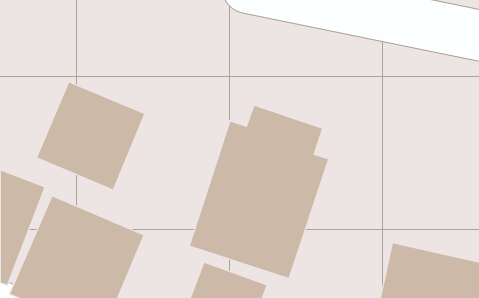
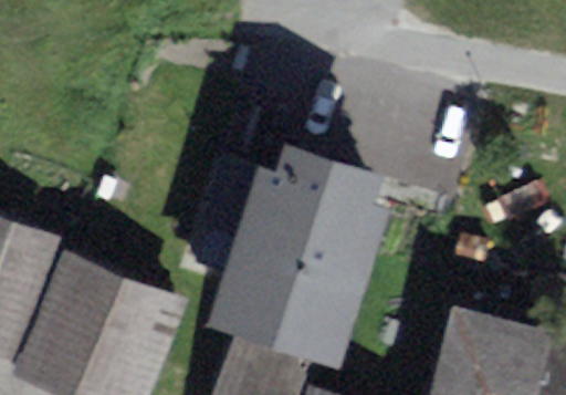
building: [36,82,145,190] -> none

